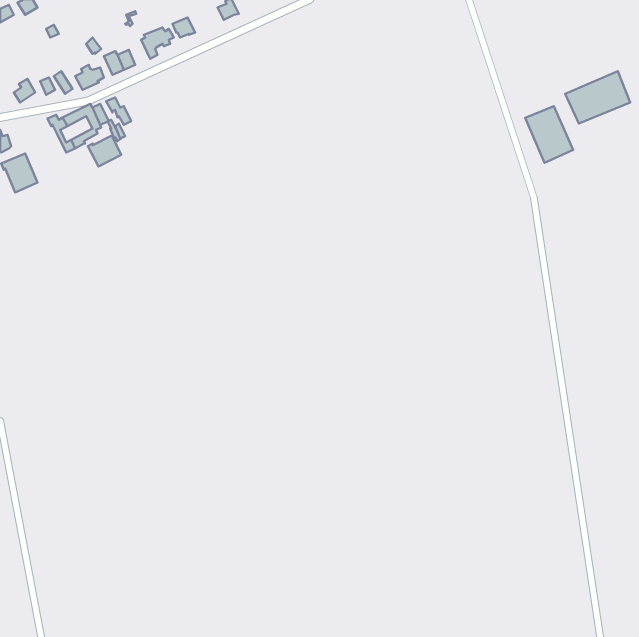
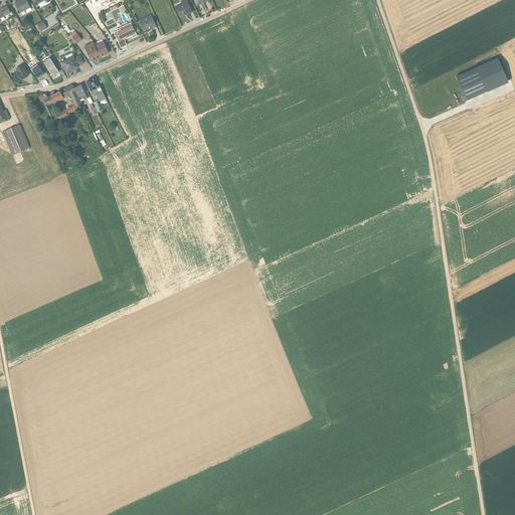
building: [525,106,573,163] -> none
building: [88,135,121,166] -> none

